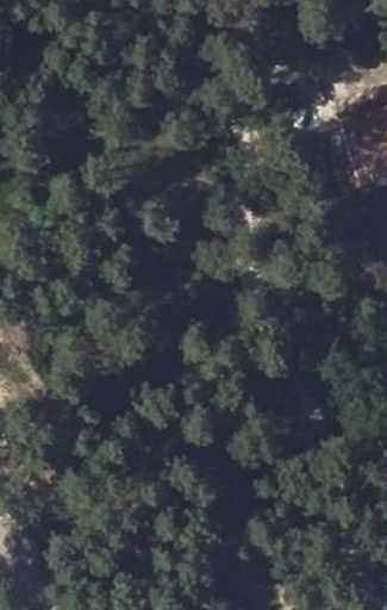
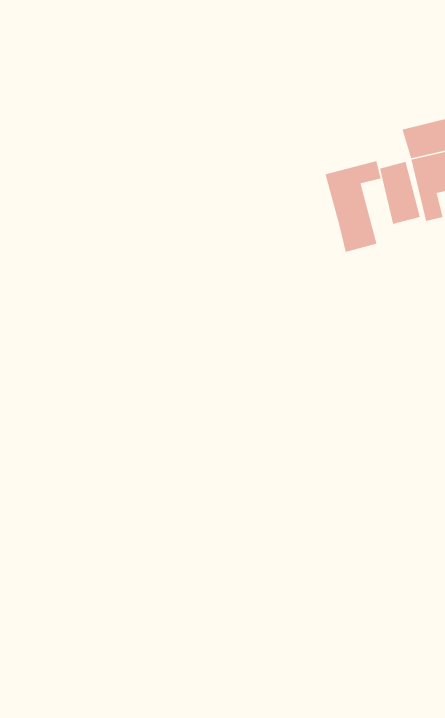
building: none -> [325,160,382,253]

